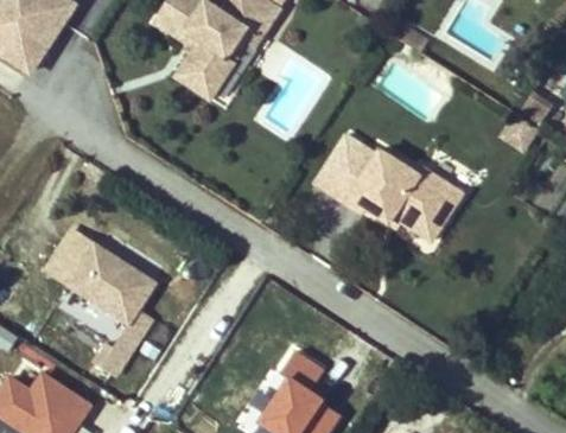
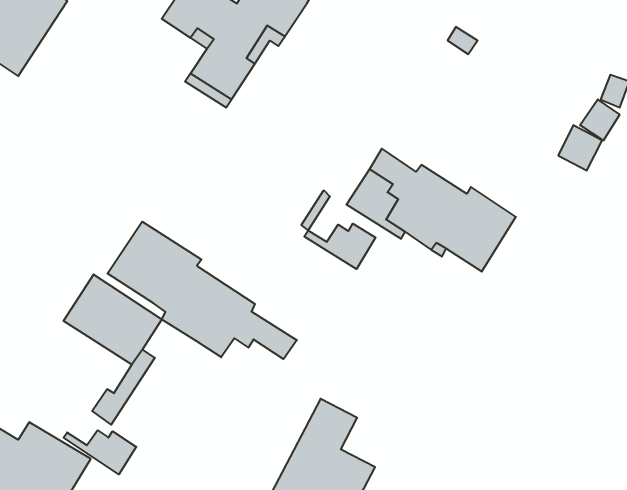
building: none -> [107,222,297,359]
building: none -> [304,224,375,269]
building: [47,229,95,284] -> none
building: none -> [64,430,136,474]

